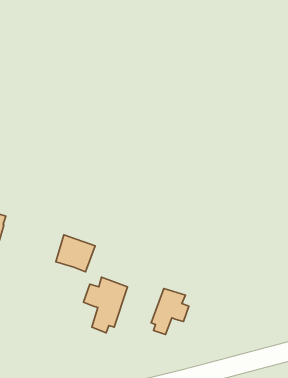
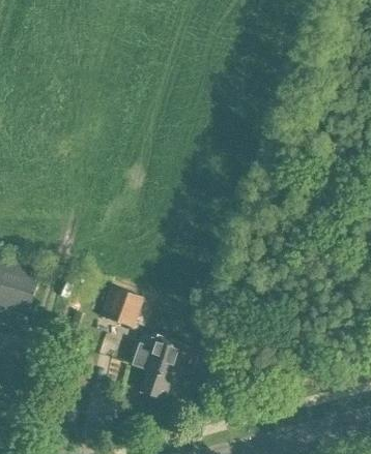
building: [151,288,189,334] -> none

